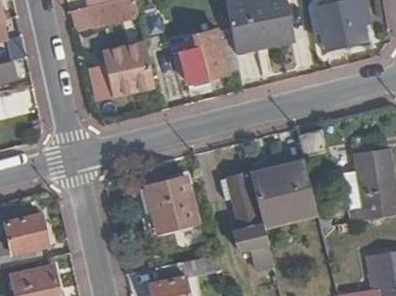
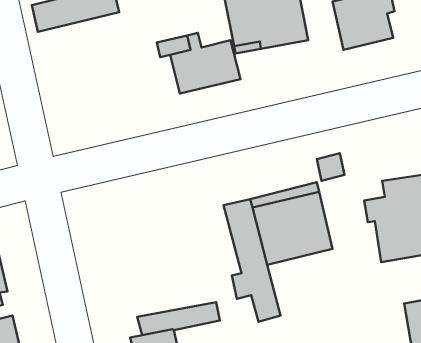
building: [92,44,156,99] -> none
building: [144,178,198,233] -> none

